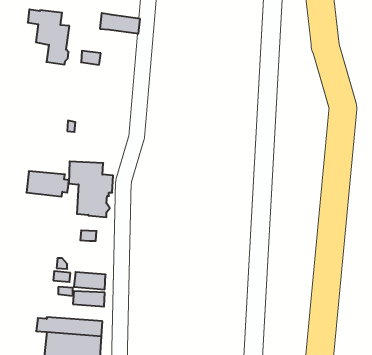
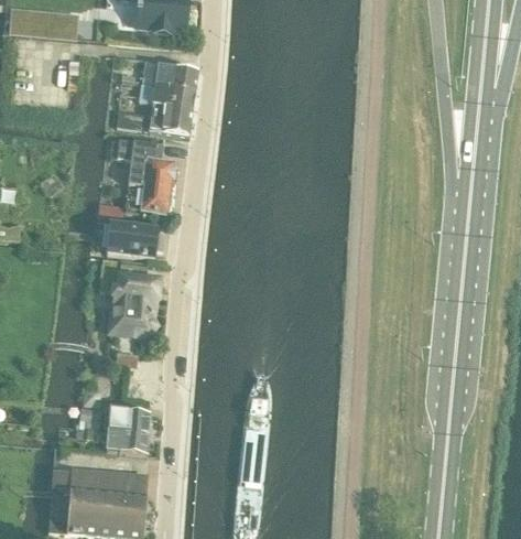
building: [28,9,69,64] -> [115,138,171,212]
building: none -> [148,82,193,133]
building: [26,171,69,197] -> [105,222,162,256]

